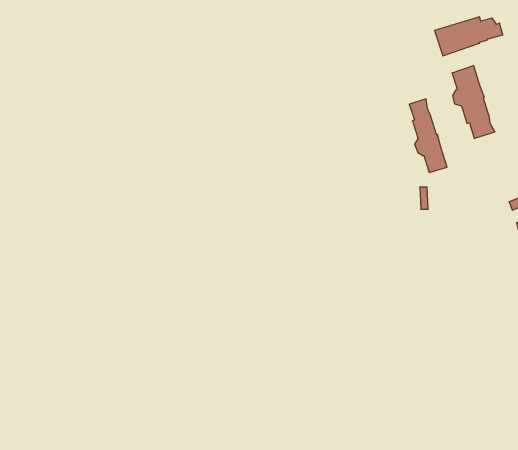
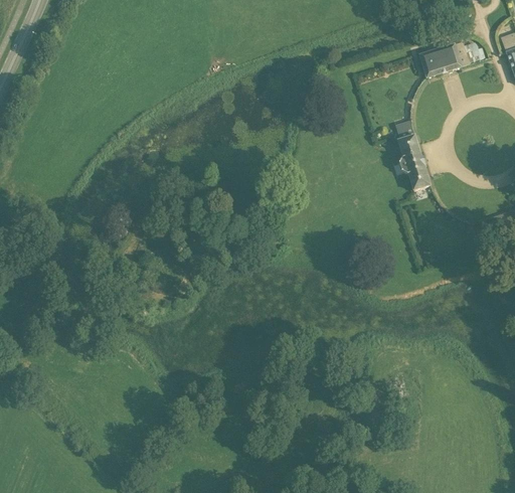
building: [452,66,495,139] -> none

